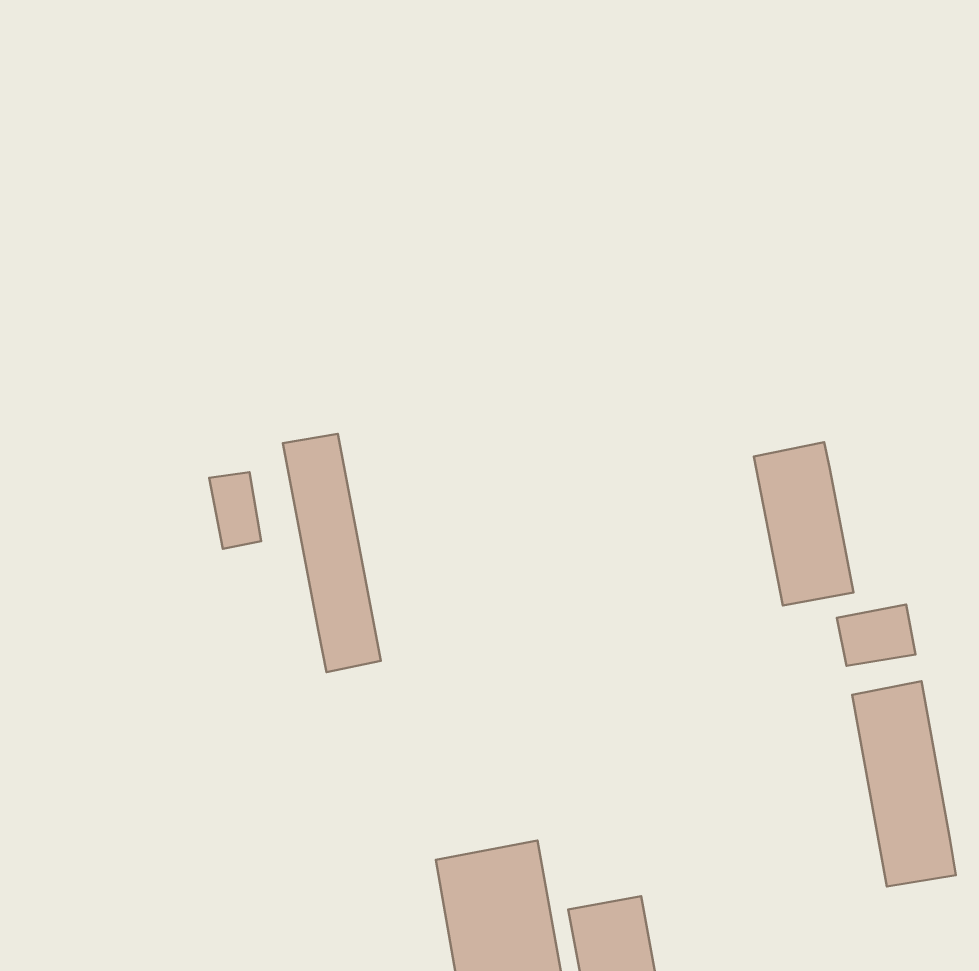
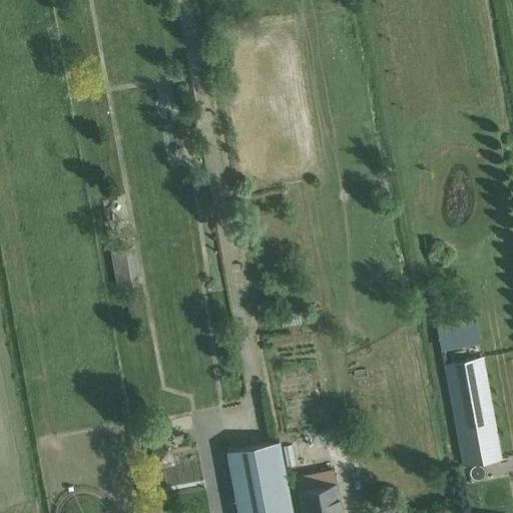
building: [283,434,381,672] -> none
building: [754,442,854,606] -> none

